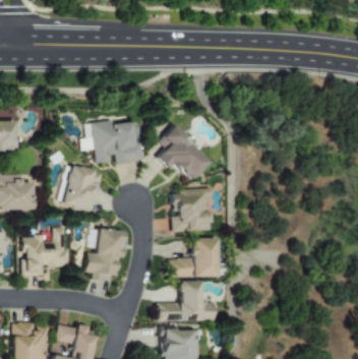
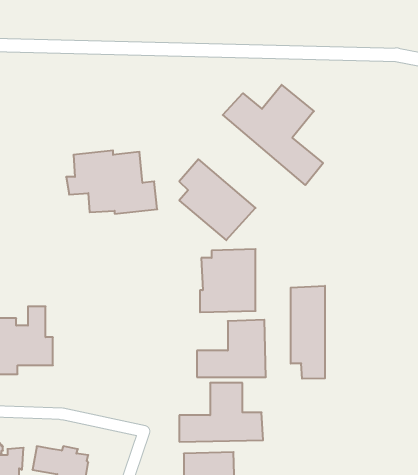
building: none -> [223,85,323,185]
building: [59,165,104,211] -> none
building: none -> [291,286,325,379]
building: [86,228,124,281] -> none

